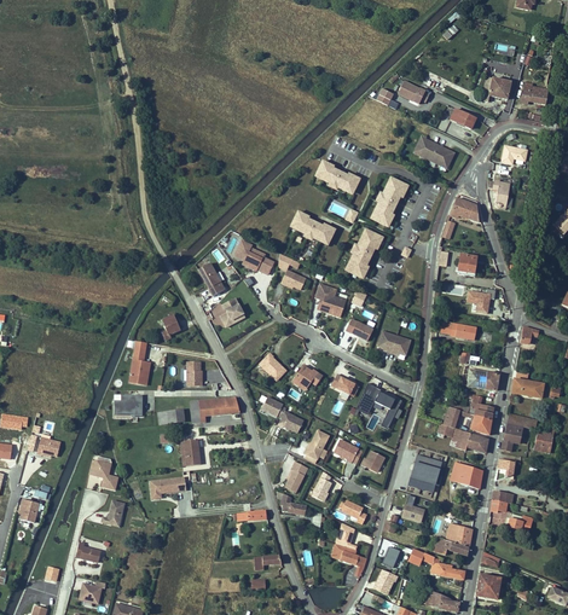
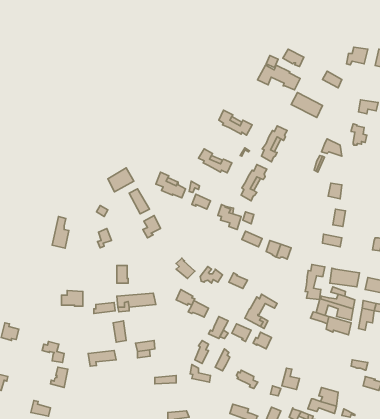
building: none -> [258,65,300,90]
building: none -> [108,168,134,192]
building: [128,346,150,387] -> [52,217,69,248]
building: none -> [305,264,325,300]
building: [406,456,441,493] -> none
building: [452,462,485,488] -> none

